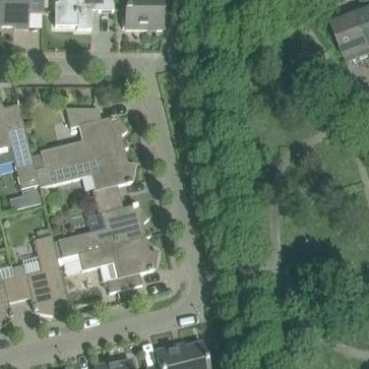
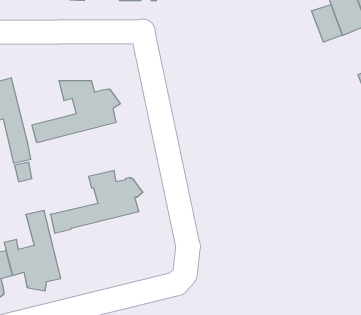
building: none -> [312,4,342,42]
building: [35,148,135,202] -> none
building: [77,237,157,293] -> none

